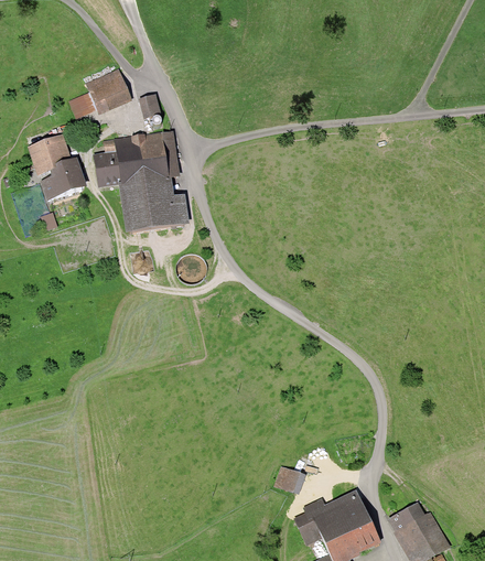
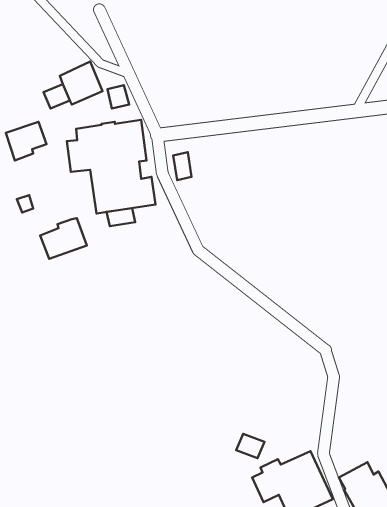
building: [36,157,87,201] -> [40,218,87,259]
building: none -> [173,152,192,180]
building: none -> [107,208,135,226]

